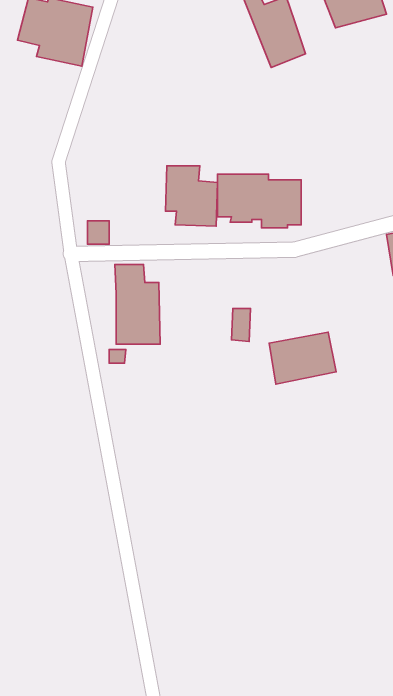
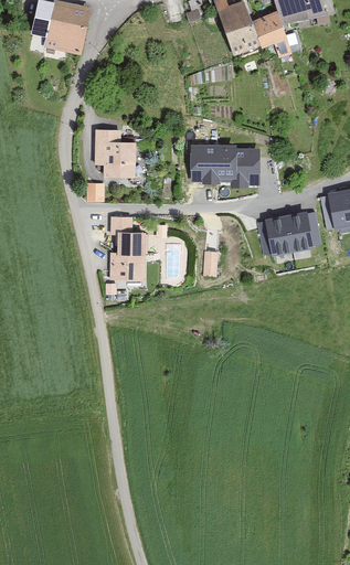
building: none -> [254,11,295,61]
building: [166,166,218,226] -> [95,129,137,178]
building: [269,332,336,384] -> [258,212,312,254]

